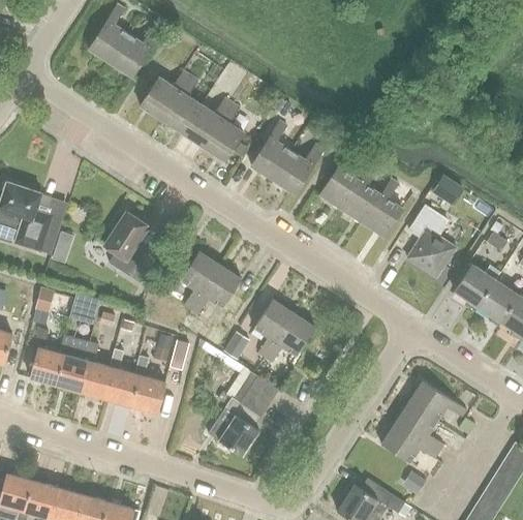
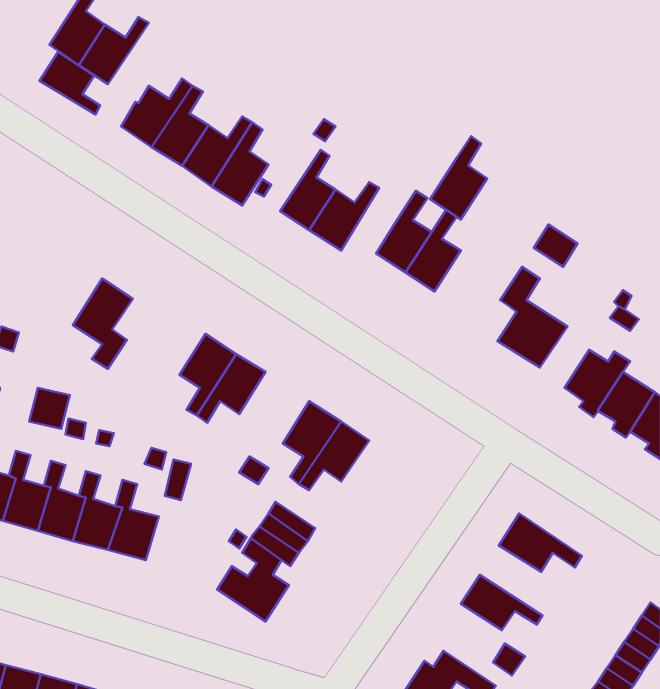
building: none -> [40,52,100,115]
building: [362,178,402,237] -> [430,136,487,219]
building: [394,402,442,452] -> none

